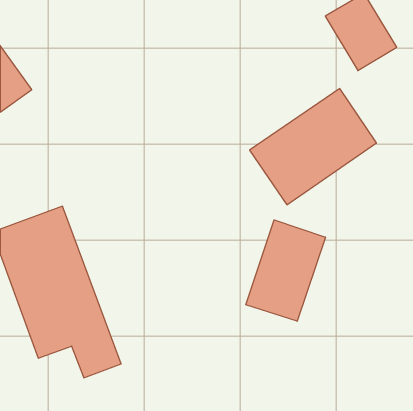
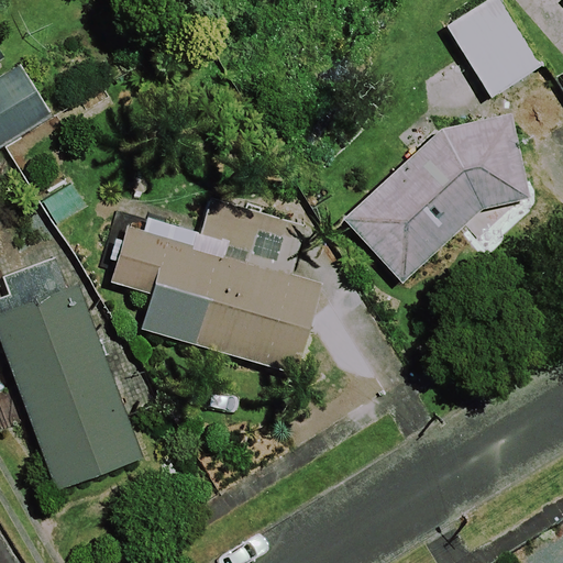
building: none -> [118,235,317,374]
building: [246,220,325,321] -> none

